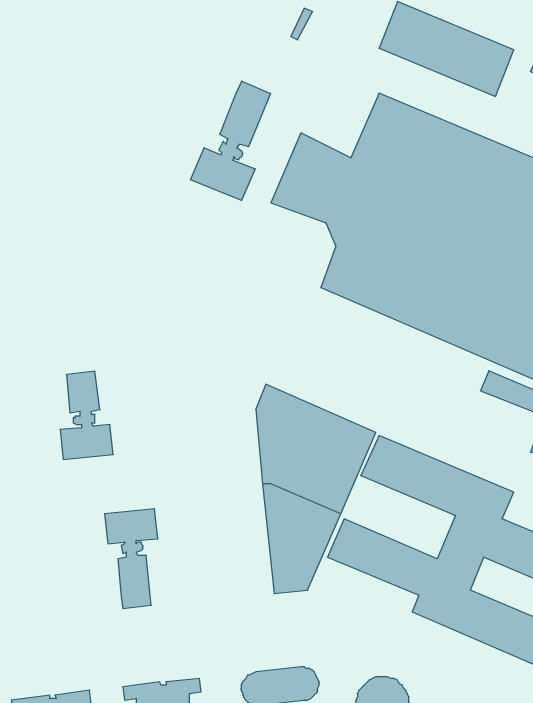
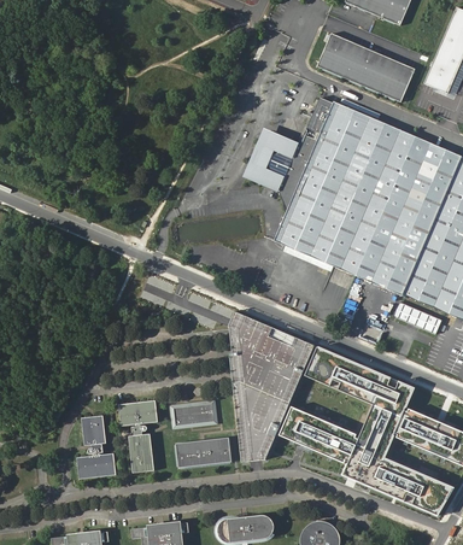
building: [191,81,270,201] -> none
building: [60,371,113,459] -> [78,416,117,480]
building: none -> [170,400,218,430]
building: none -> [176,438,232,468]

